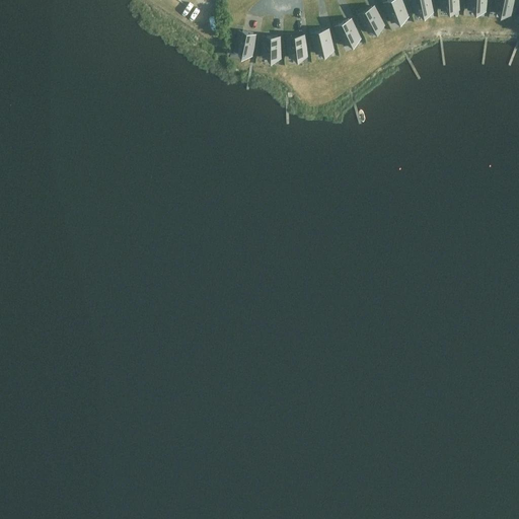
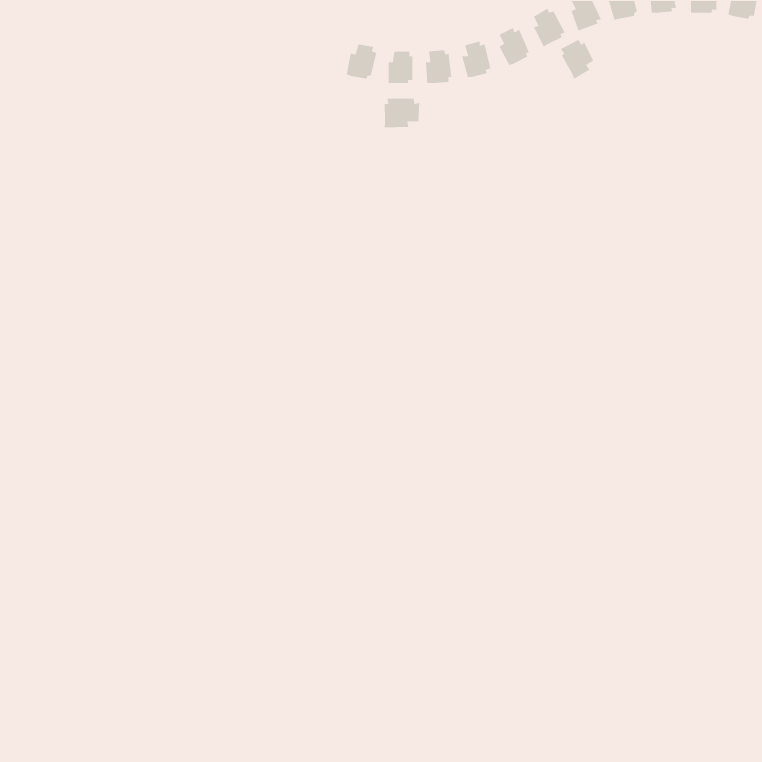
building: none -> [560,39,594,80]
building: none -> [384,98,420,128]

